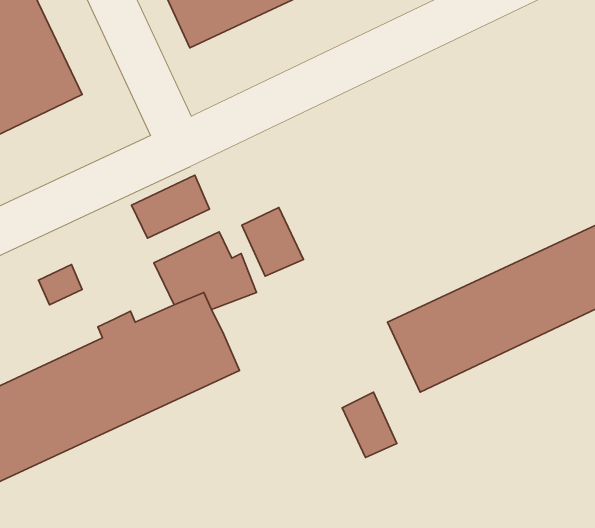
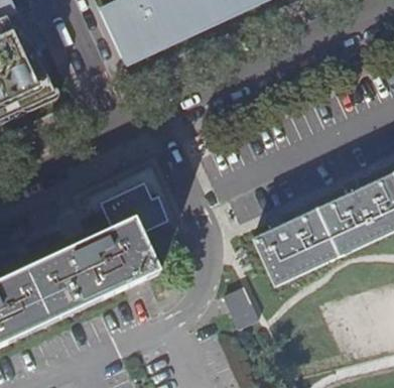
building: [132,175,209,238] -> none
building: [242,208,303,276] -> none

